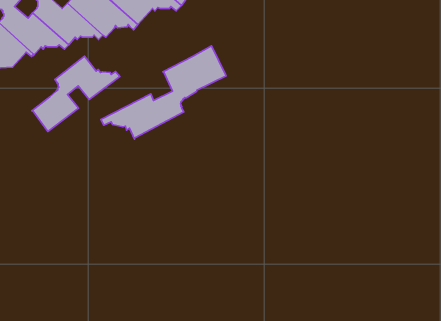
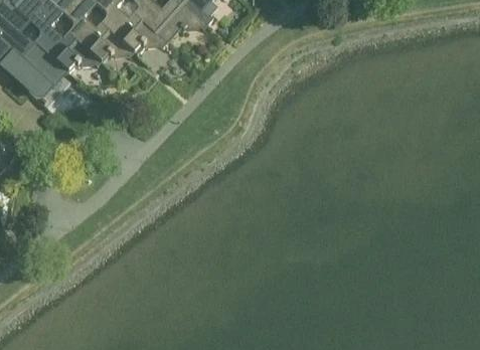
building: [101,46,226,139] -> none
building: [32,56,120,131] -> none

